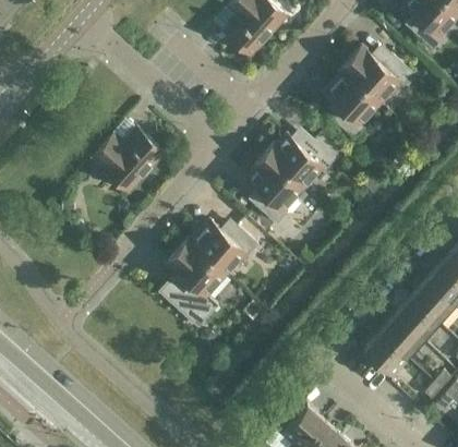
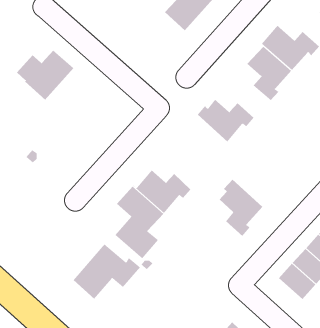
building: [94,129,164,190] -> [16,50,74,101]
building: [249,154,302,224] -> [219,179,263,237]
building: none -> [73,243,141,299]

